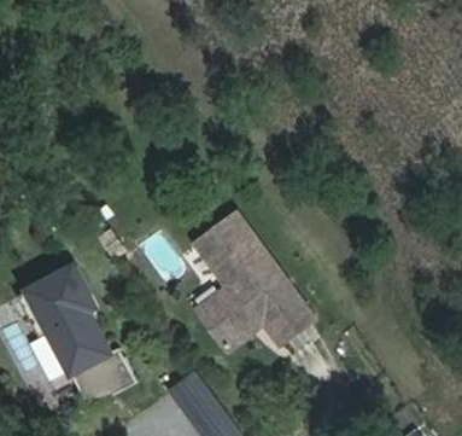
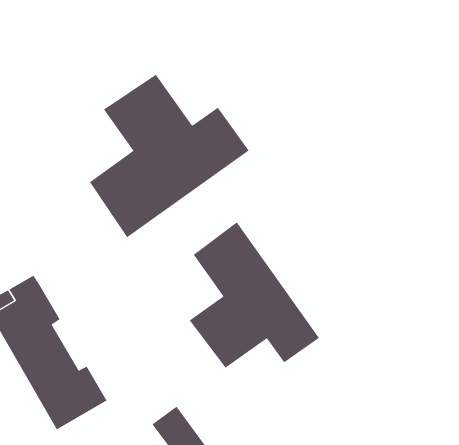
building: none -> [89,74,250,238]

